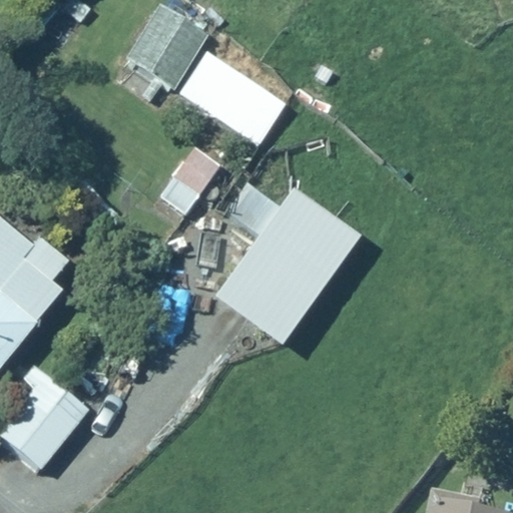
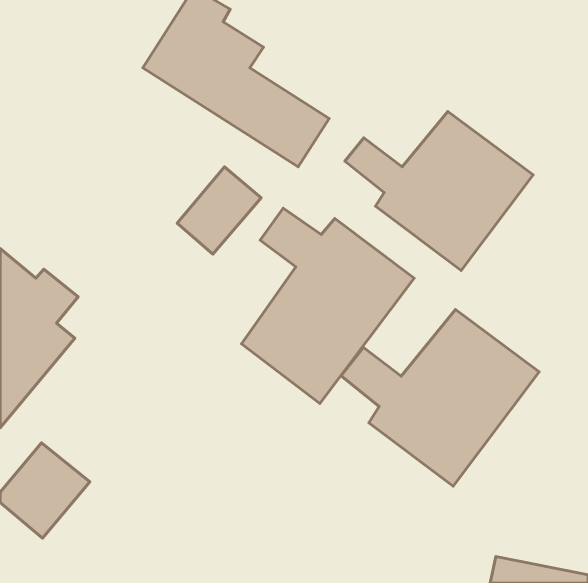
building: none -> [345,111,533,271]
building: none -> [341,310,539,486]

